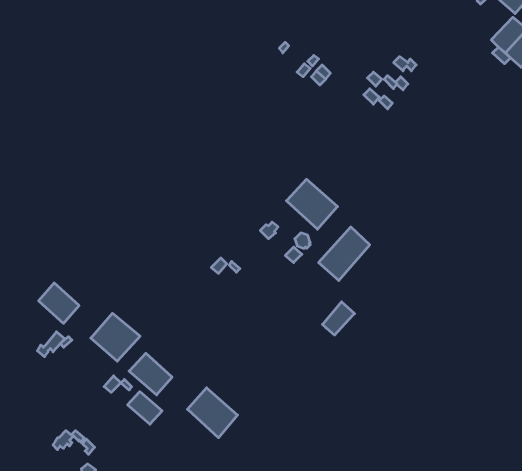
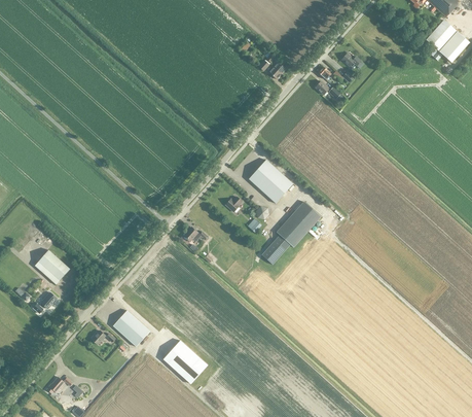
building: [322,302,355,335] -> [261,235,289,264]
building: [91,313,140,361] -> none
building: [128,392,162,424] -> none

